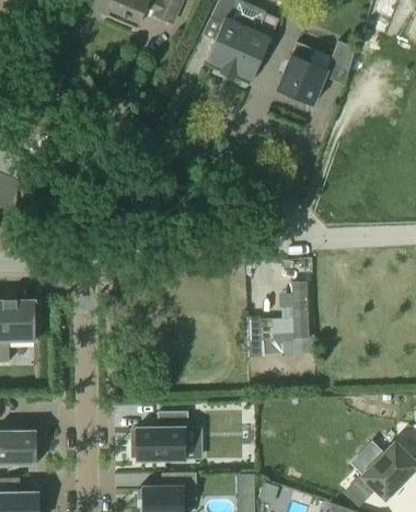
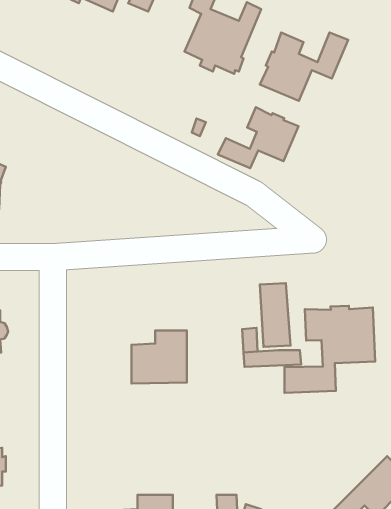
building: none -> [218,107,299,168]
building: none -> [285,306,375,393]
building: [136,410,187,459] -> [132,331,187,384]

